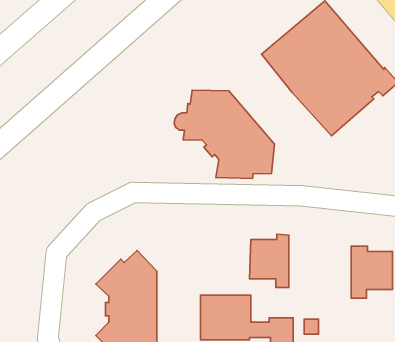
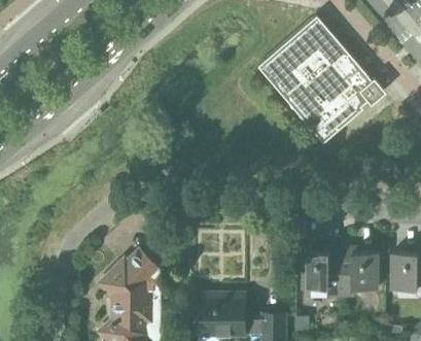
building: [174,90,275,179] -> none
building: [250,234,289,287] -> [303,245,340,296]

